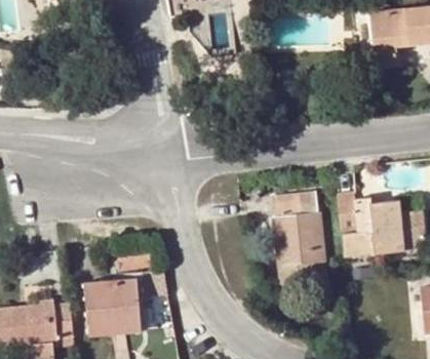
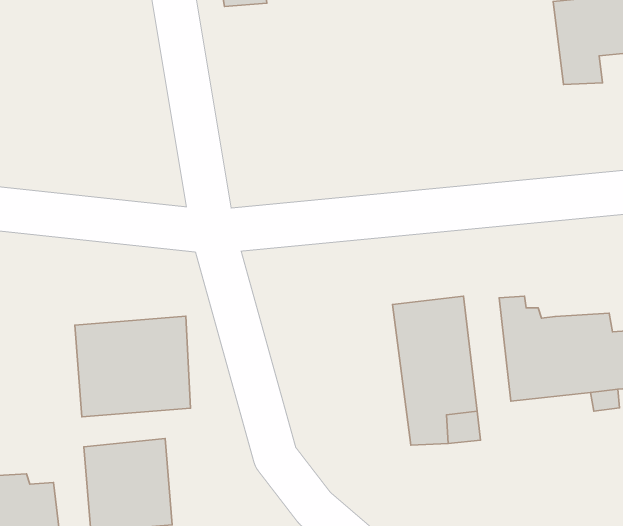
building: none -> [75,316,191,417]

